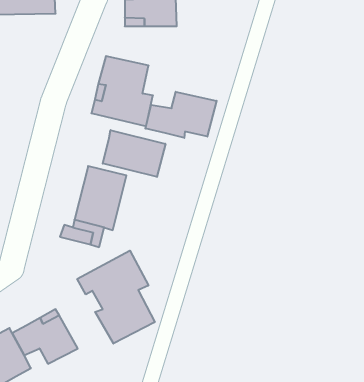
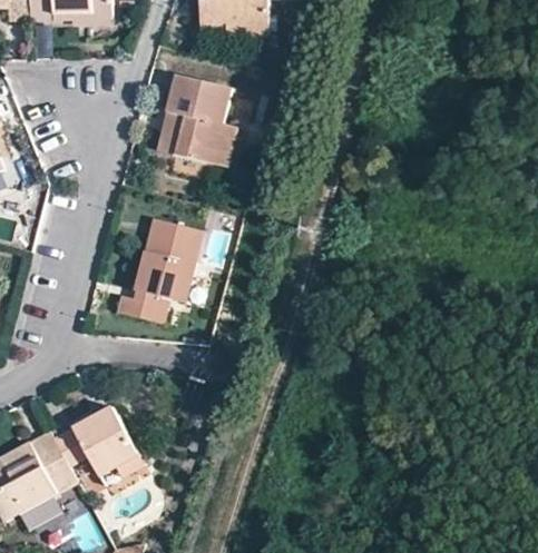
building: [145,92,217,138] -> none
building: [103,130,165,177] -> none
building: [77,251,155,344] -> none

